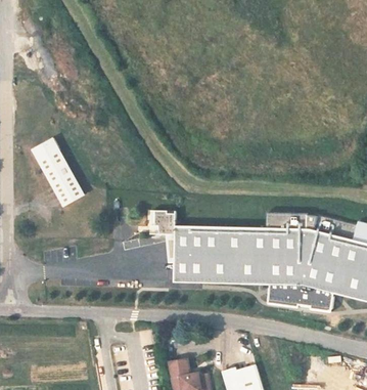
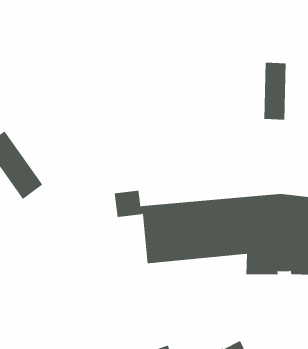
building: none -> [264,62,286,121]

